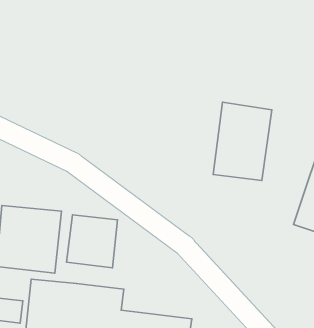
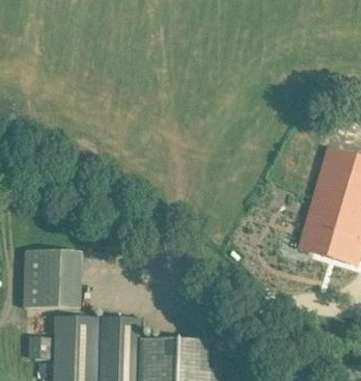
building: [213,102,272,181] -> none
building: [66,215,118,268] -> none

